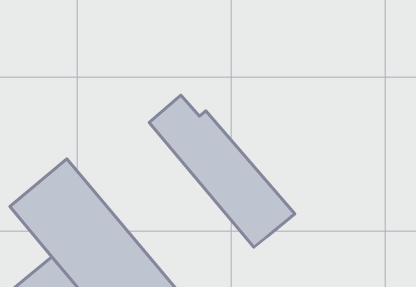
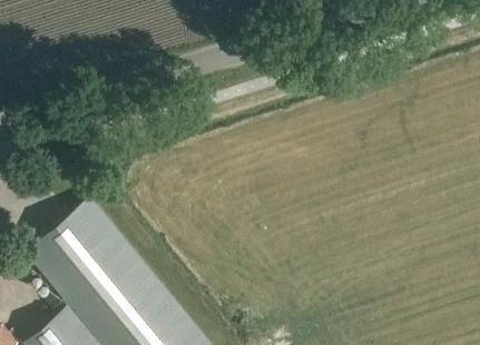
building: [149,95,295,247] -> none

